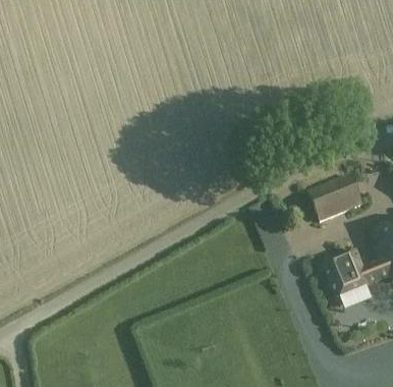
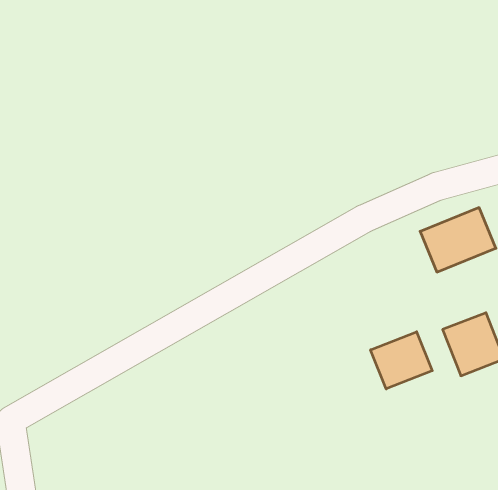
building: none -> [371,332,432,389]

